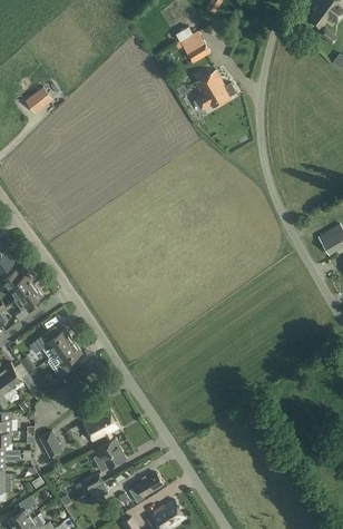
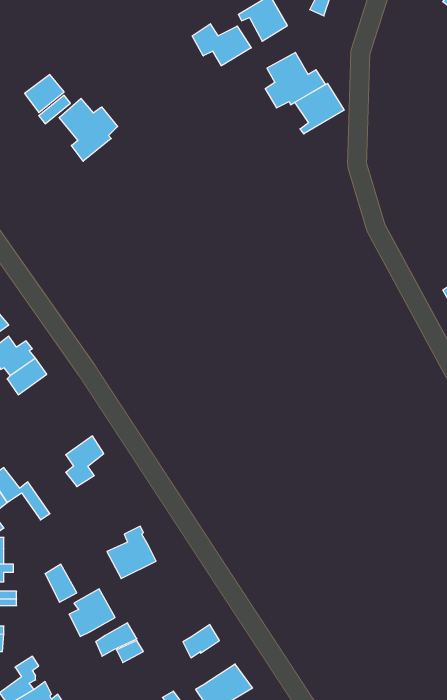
building: none -> [192,24,251,66]
building: none -> [295,83,344,134]
building: none -> [59,98,118,161]
building: [30,330,74,359] -> none
building: [94,439,126,472] -> [69,589,115,636]

